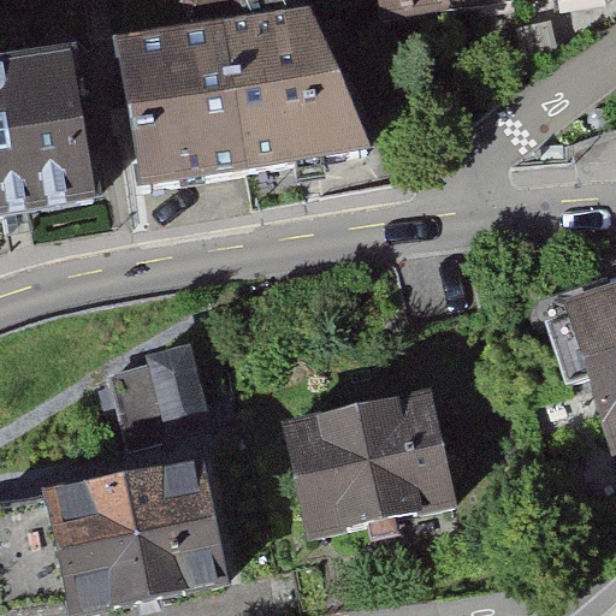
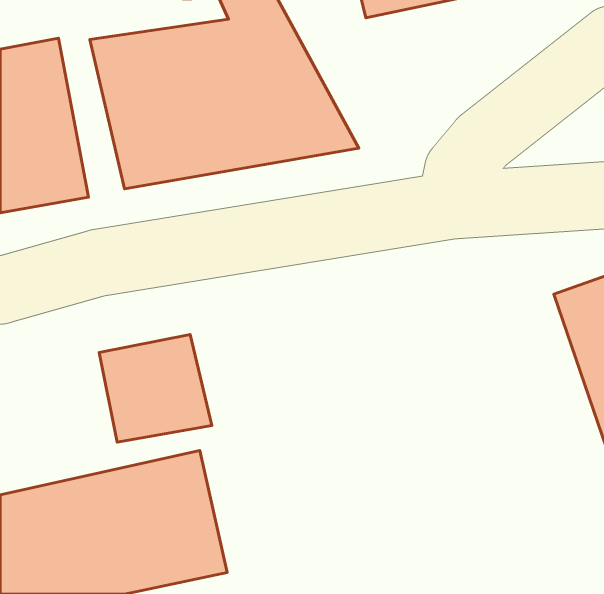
building: [279,384,464,539] -> none

